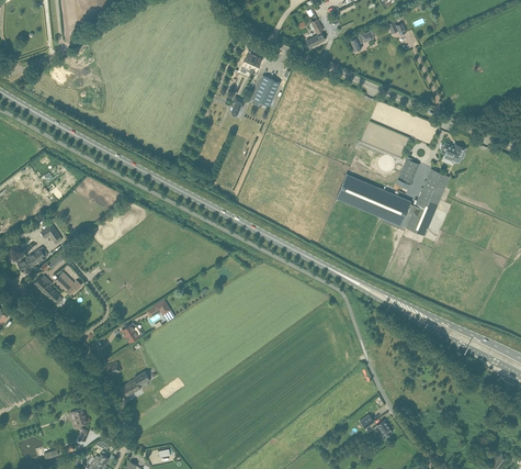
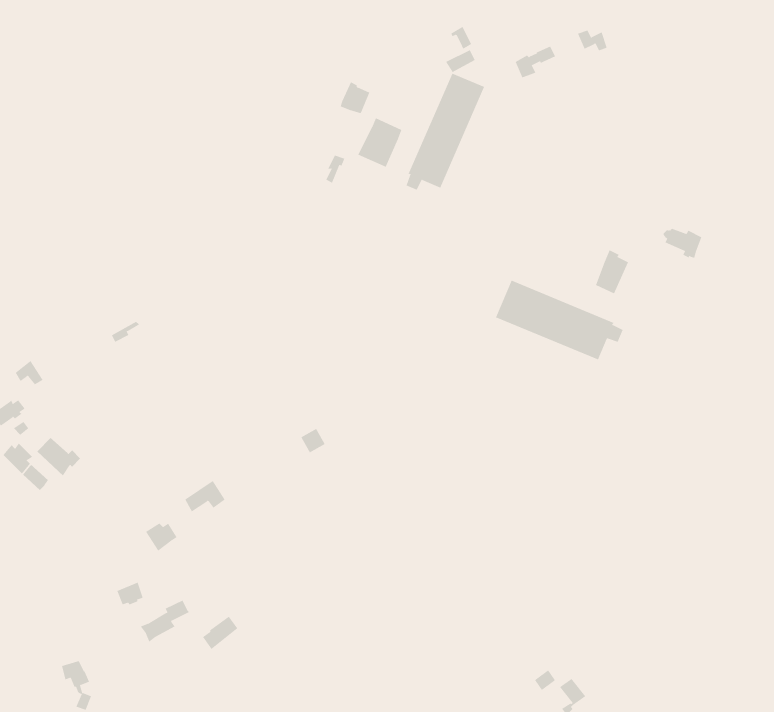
building: none -> [406,73,485,190]
building: [405,169,449,236] -> none

